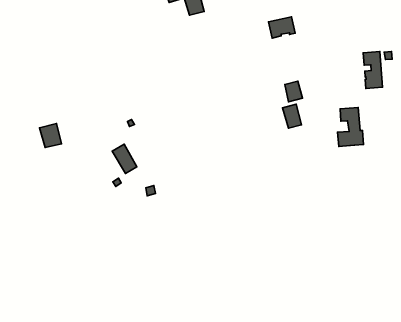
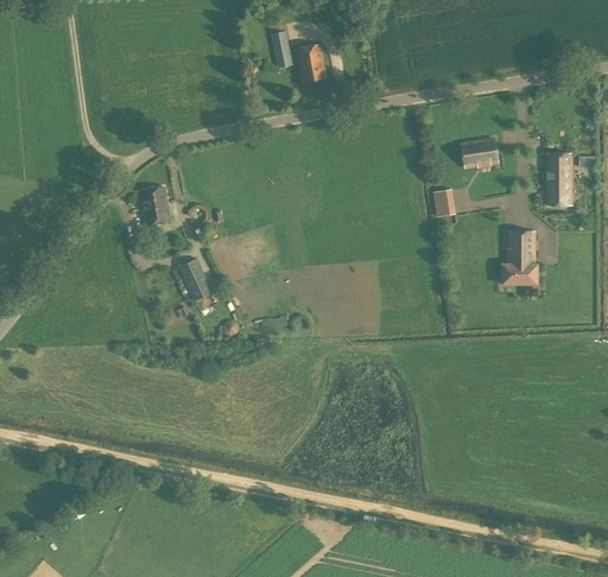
building: [269,17,295,38] -> [460,139,496,167]
building: [283,104,301,128] -> none
building: [39,123,61,148] -> [140,190,170,223]

